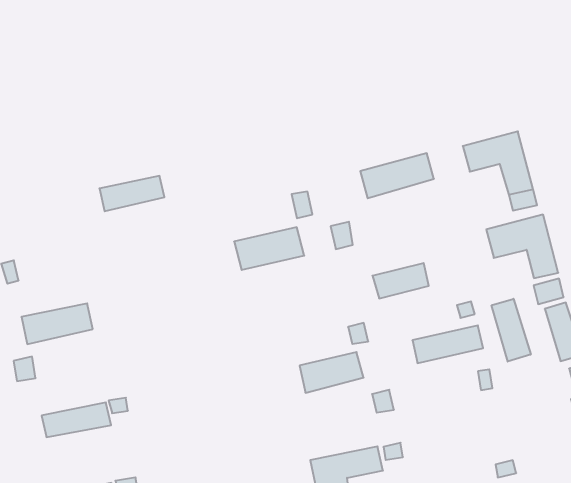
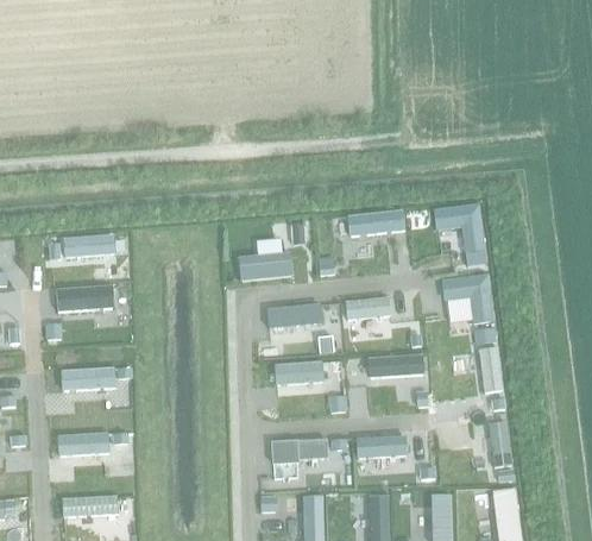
building: [99,176,164,211] -> [63,234,114,256]
building: none -> [267,302,321,328]
building: [492,299,531,362] -> none
building: none -> [357,435,407,457]

